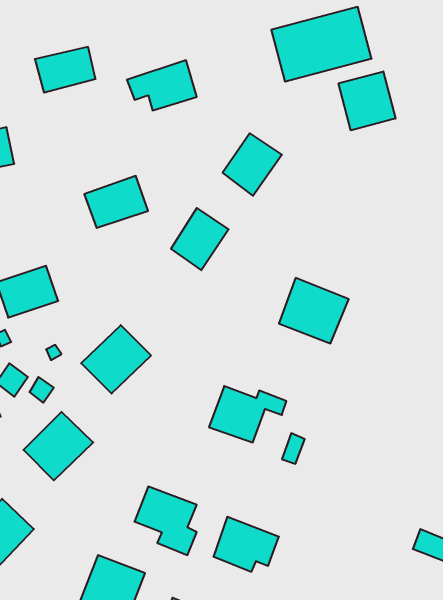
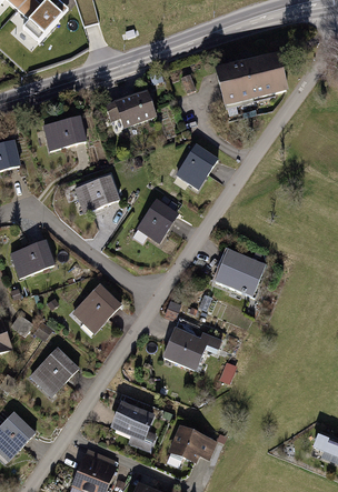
building: [35,47,96,93] -> [42,116,87,149]
building: [339,71,396,130] -> none

